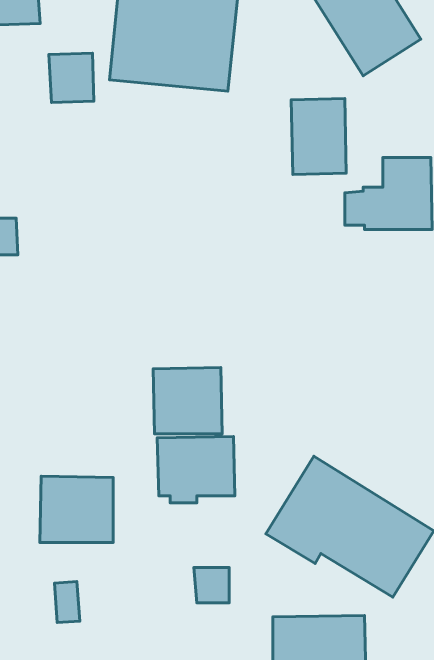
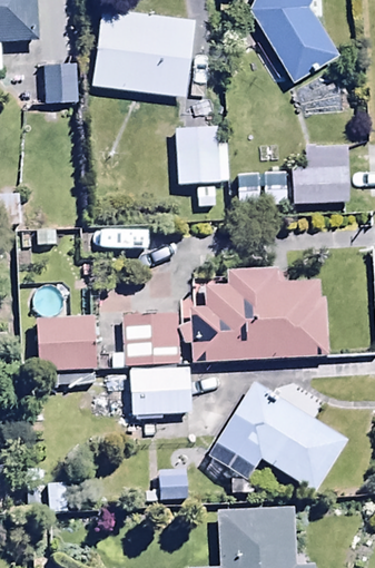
building: [291,99,346,175] -> [177,125,220,185]
building: none -> [184,273,327,361]
building: [40,476,113,542] -> [39,317,97,370]

